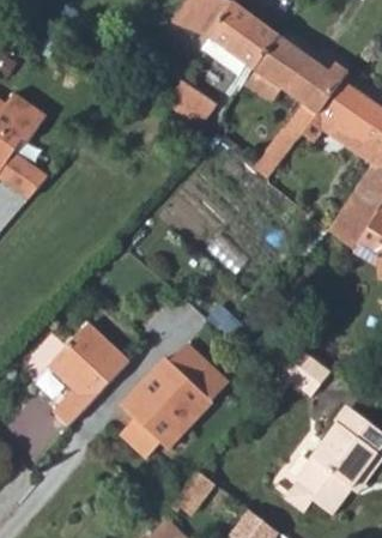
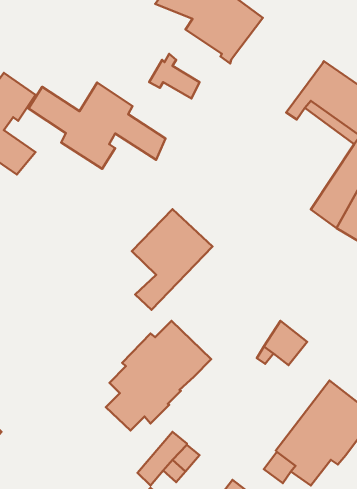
building: [247,35,340,177] -> none
building: none -> [29,82,165,169]
building: [47,322,129,425] -> [132,209,212,310]

